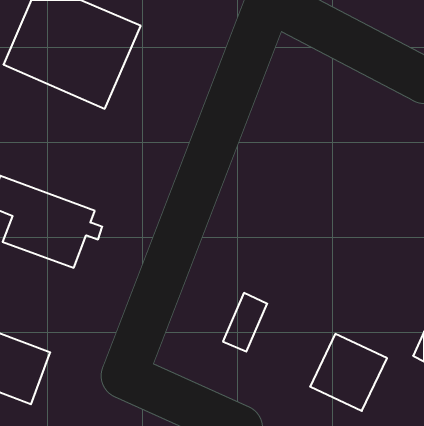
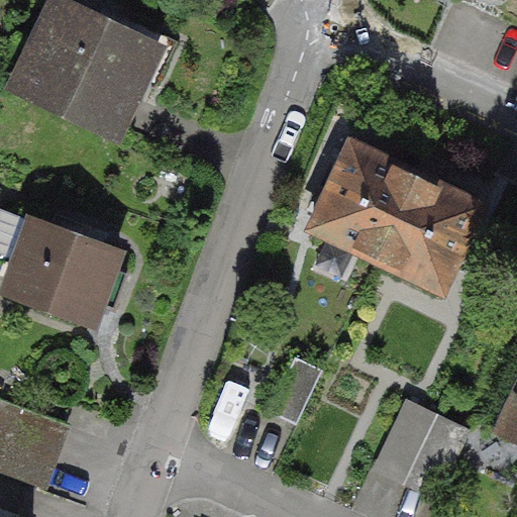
building: none -> [309,147,480,293]

